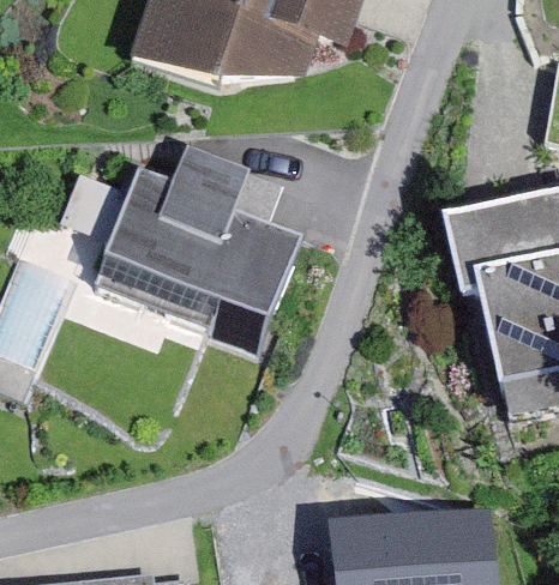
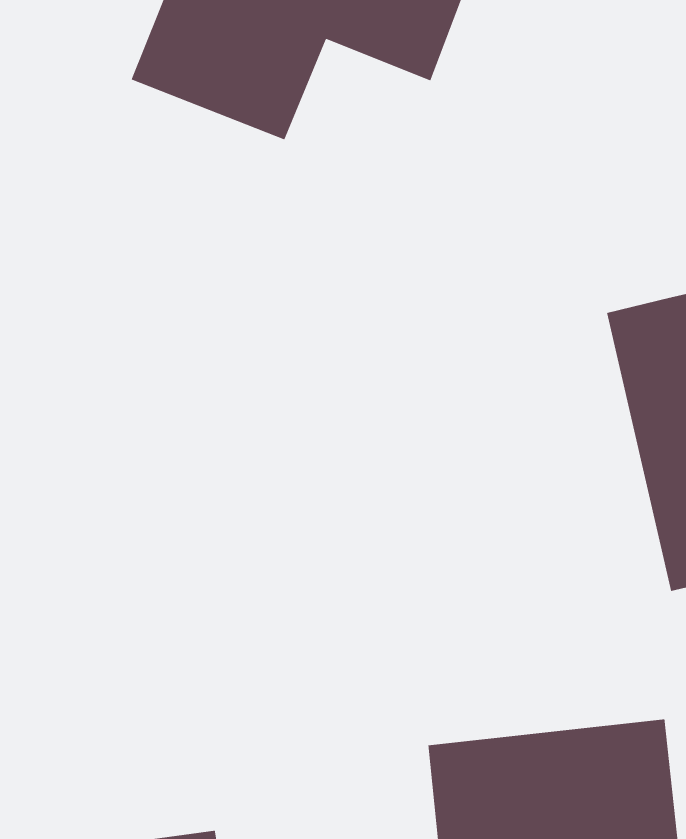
building: [90,161,290,339] -> none

